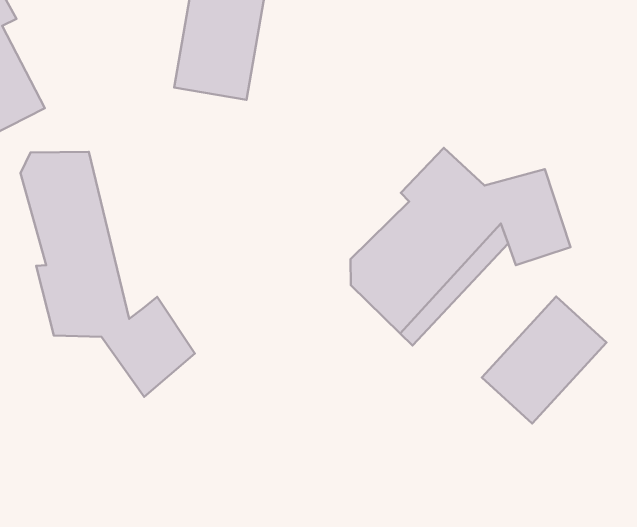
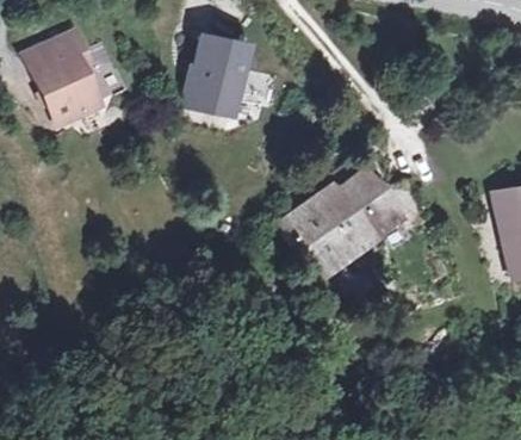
building: [20,152,195,397] -> none
building: [482,297,606,423] -> none

